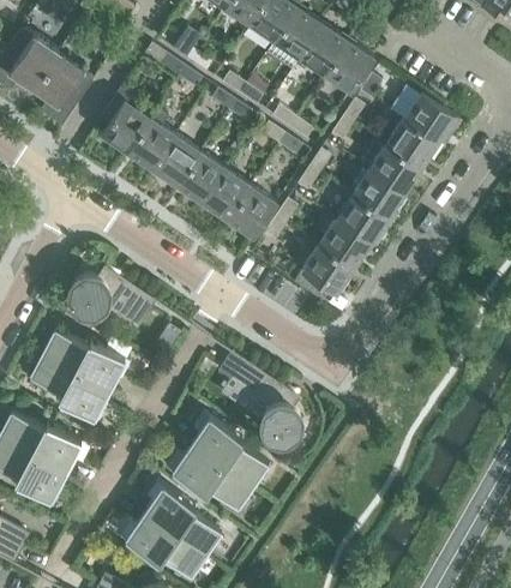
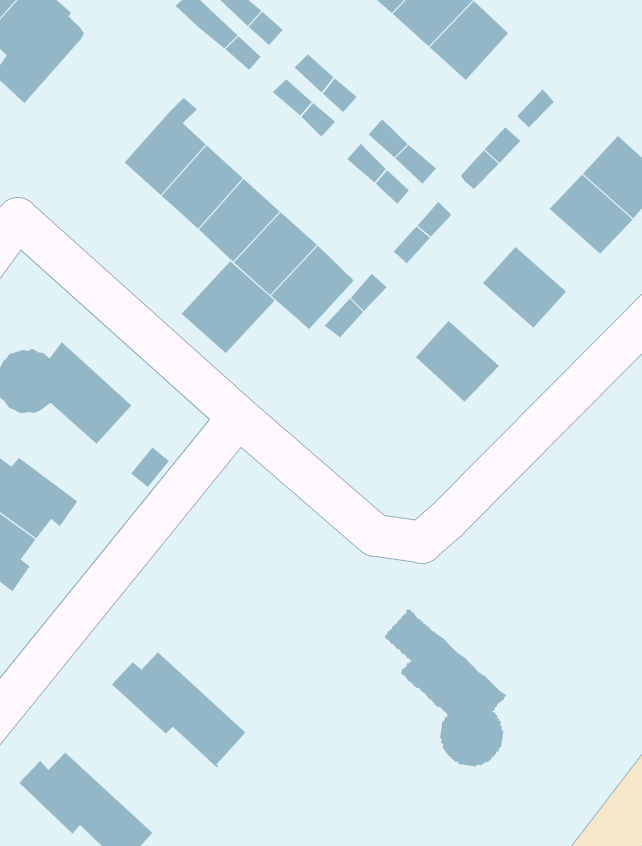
building: [325,43,373,94] -> none
building: [101,86,150,155] -> none
building: [369,145,421,193] -> none
building: [336,196,387,247] -> none
building: none -> [181,261,275,354]
building: [294,246,353,299] -> none
building: [220,352,300,442] -> [384,607,507,767]
building: [191,413,267,486] -> none
building: [144,481,221,554] -> none

